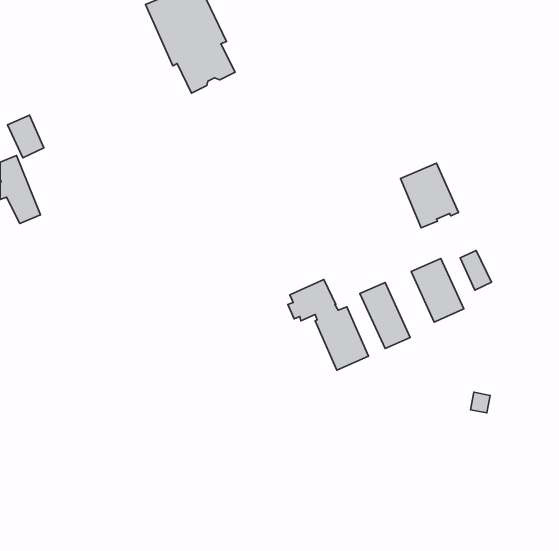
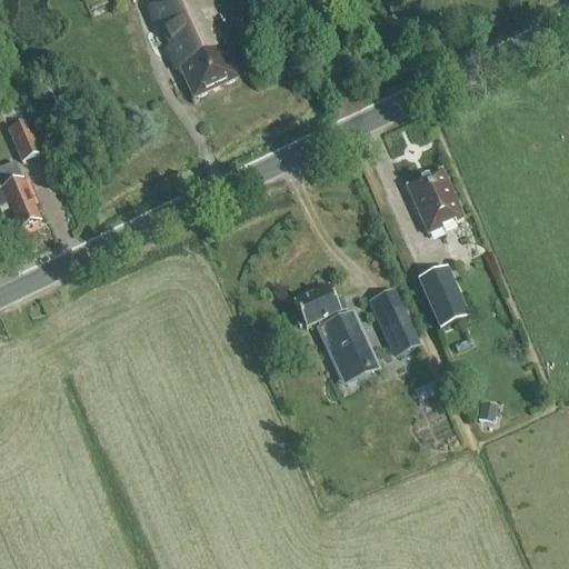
building: [460,251,491,290] -> none

